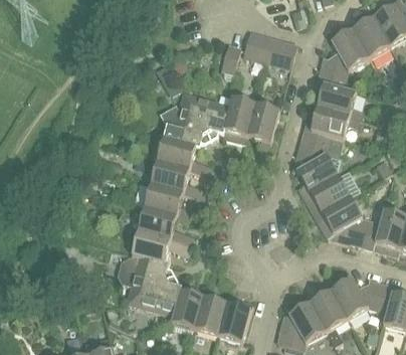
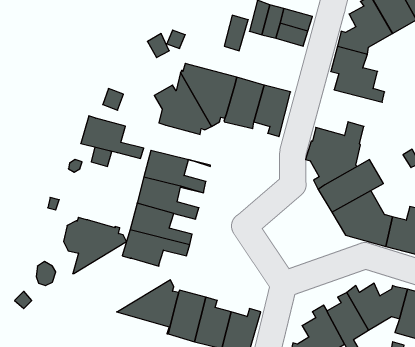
building: [300,108,359,148] -> none
building: [156,137,211,174] -> [81,116,144,158]
building: [118,253,173,303] -> [64,217,127,274]

